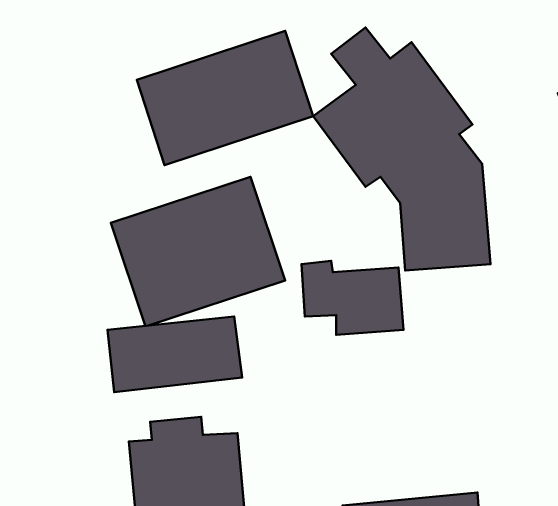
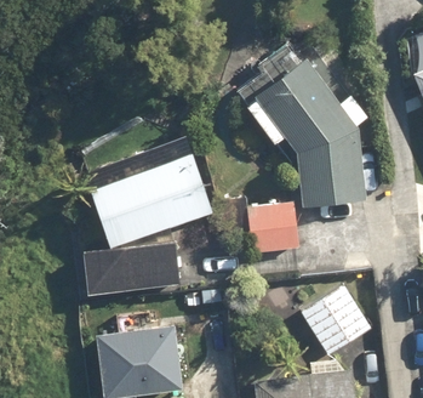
building: [137,31,313,165] -> none
building: none -> [301,286,372,357]

